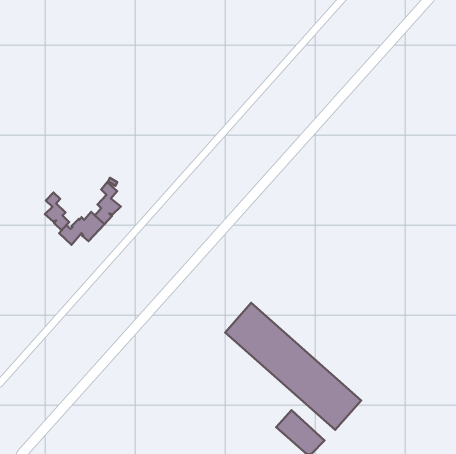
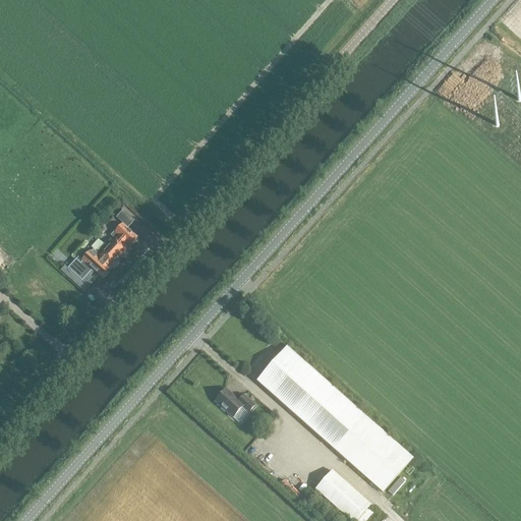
building: [45,192,69,230] -> none
building: none -> [215,387,254,415]

